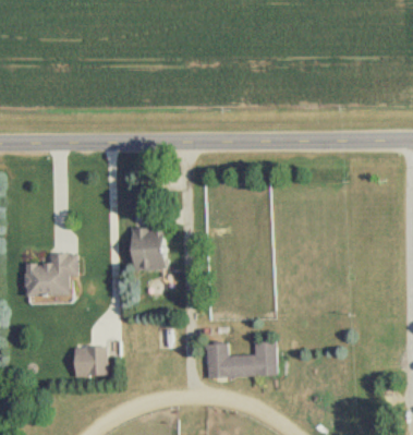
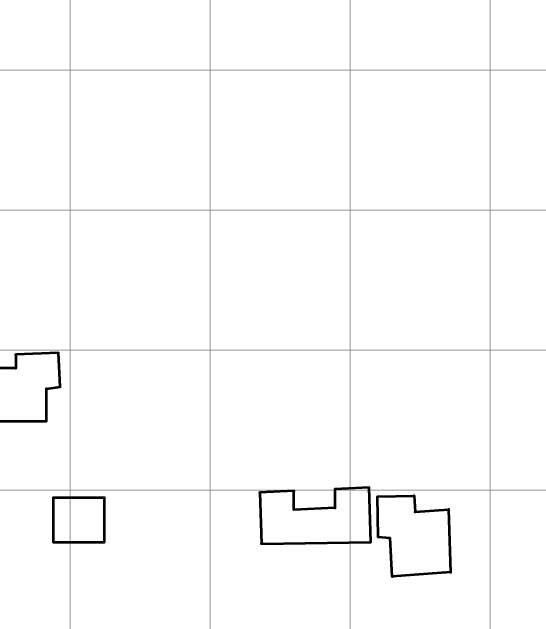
building: [131,230,166,271] -> none
building: none -> [378,496,451,577]

